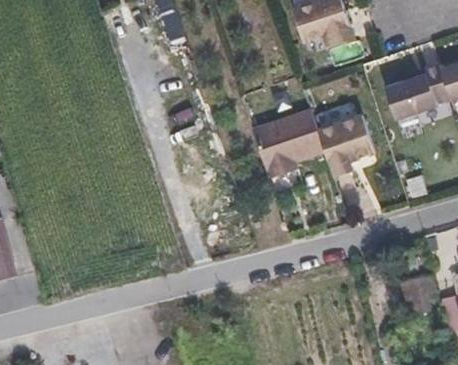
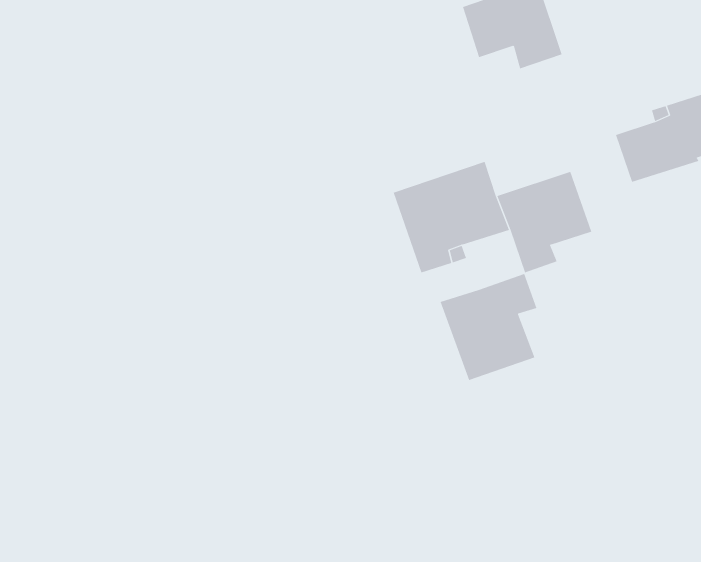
building: none -> [440,273,537,381]
building: [398,279,436,317] -> none

